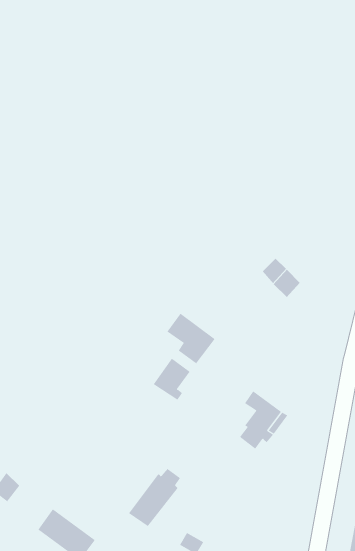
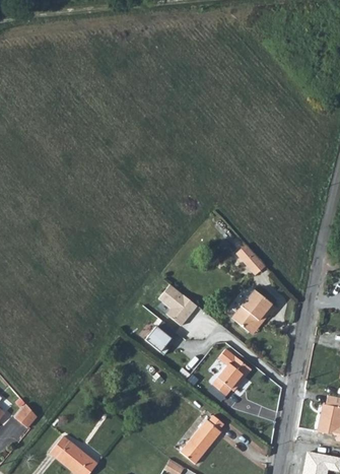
building: none -> [230,283,276,327]
building: [128,468,181,527] -> [182,413,224,461]

